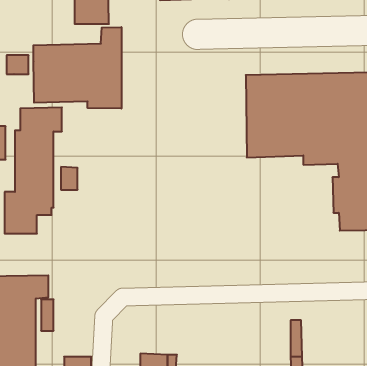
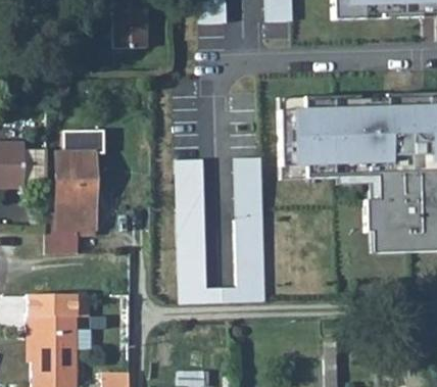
building: [33,27,121,109] -> none
building: none -> [175,156,268,304]

